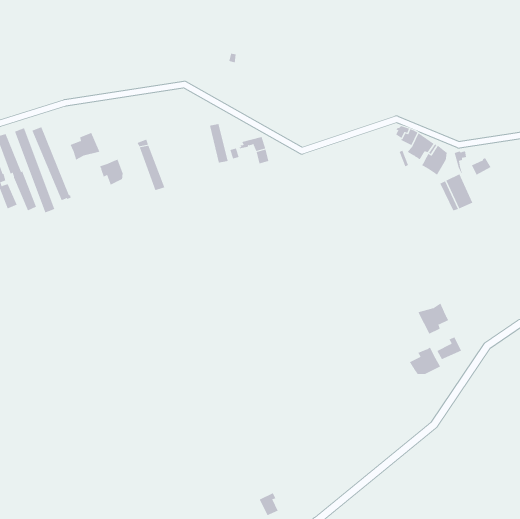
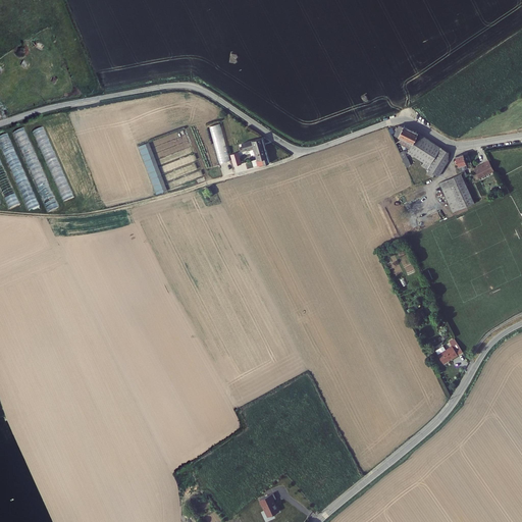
building: [70,132,100,161] -> none
building: [99,159,123,186] -> none
building: [417,302,449,335] -> none
building: [409,347,441,375] -> none

